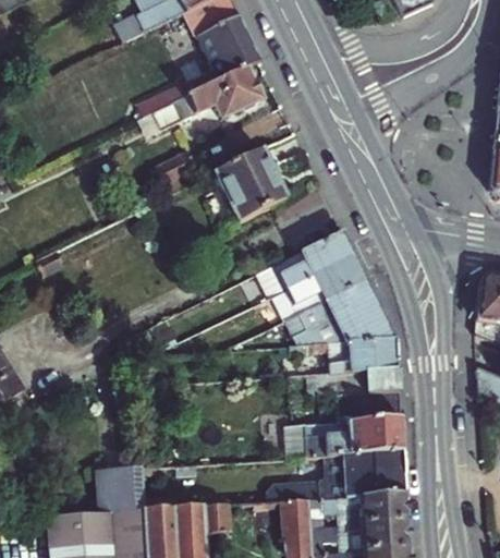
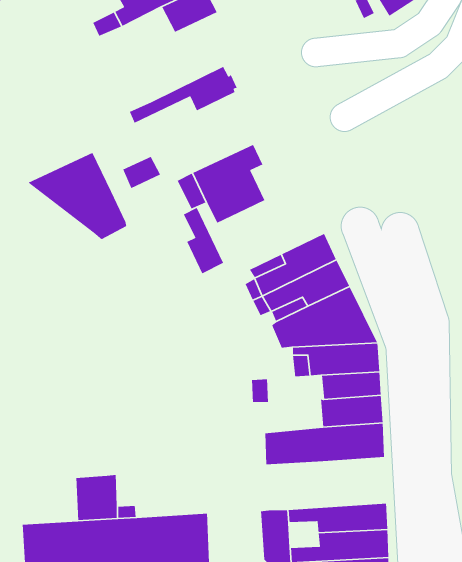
building: [167,14,261,101] -> none
building: none -> [27,152,127,240]
building: none -> [183,207,224,274]
building: [292,450,405,501] -> none

